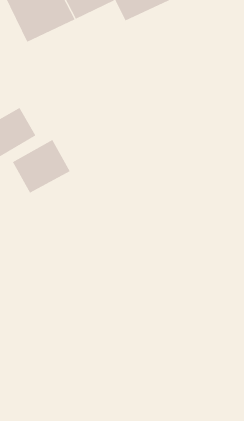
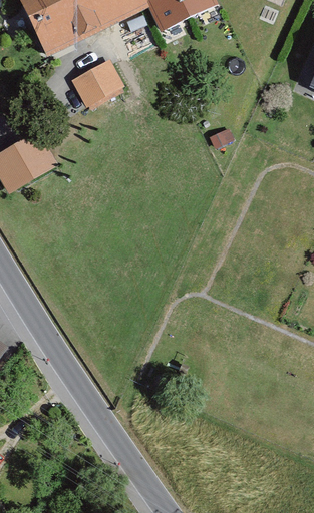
building: none -> [70,58,124,106]
building: [12,139,71,193] -> none

